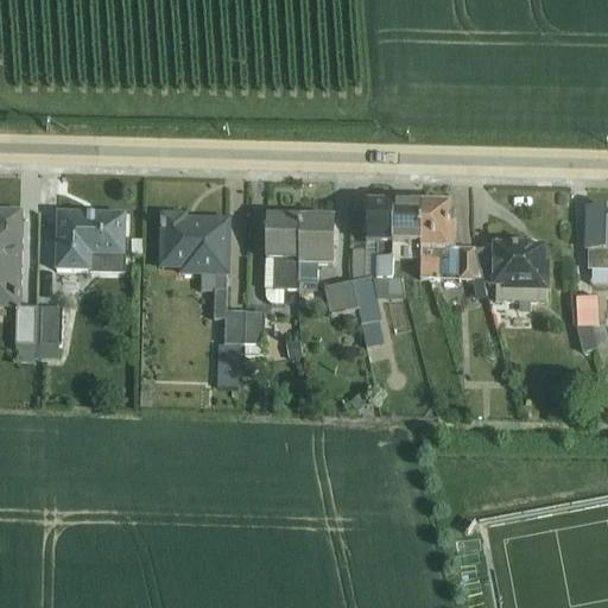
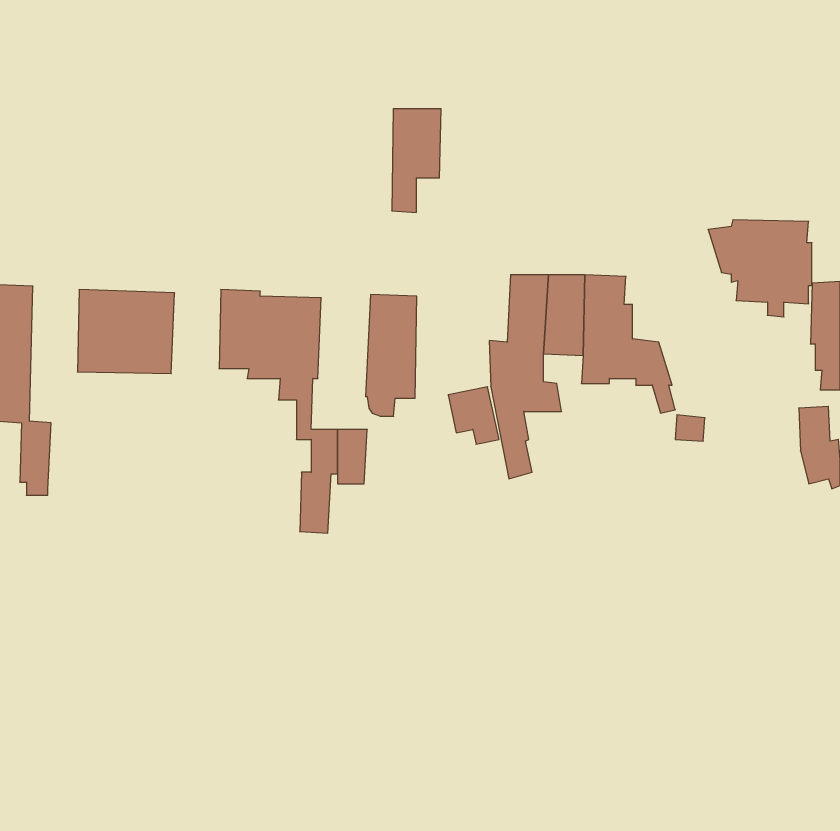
building: [299,214,335,289] -> [392,109,441,212]
building: [475,240,550,310] -> [708,220,812,317]
building: [34,305,62,354] -> none

